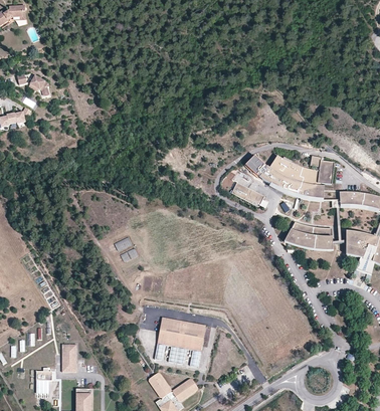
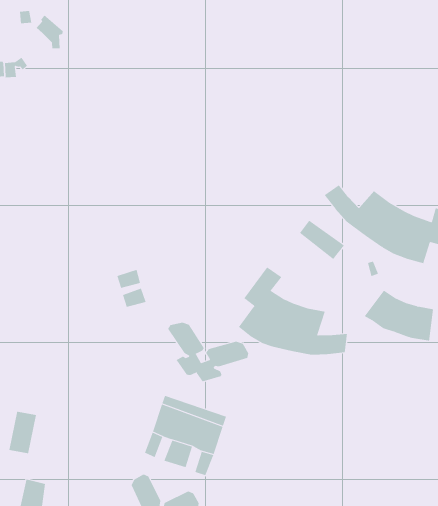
building: none -> [238,266,347,355]
building: none -> [167,322,249,382]

